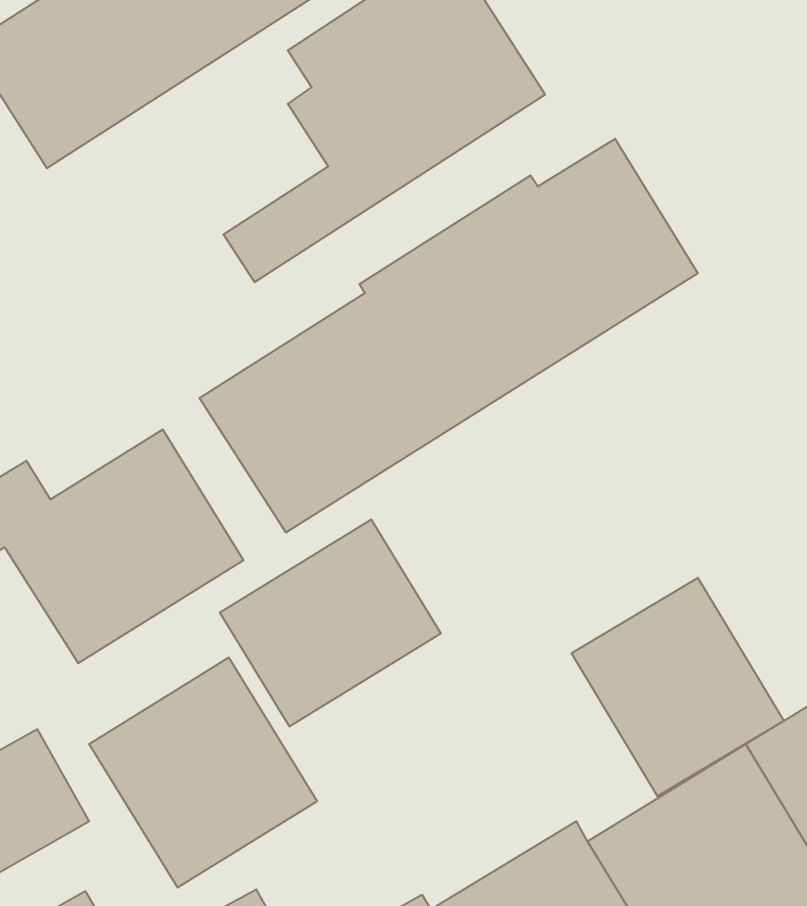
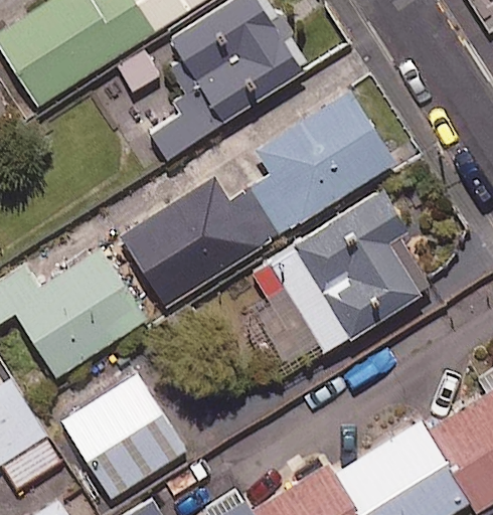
building: none -> [270,195,431,351]
building: [220,519,441,727] -> none
building: [572,578,784,796] -> none

